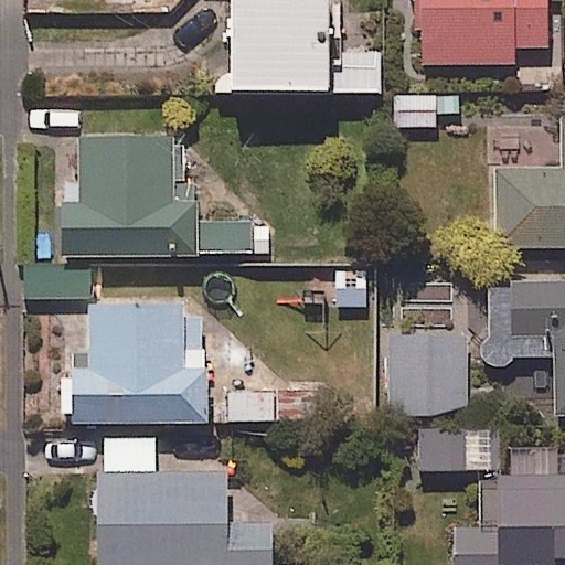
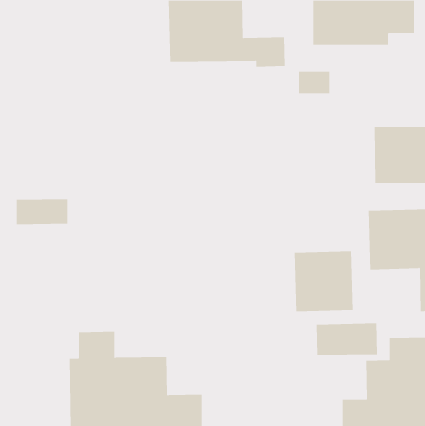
building: [55,127,271,262] -> none
building: [70,300,209,424] -> none

